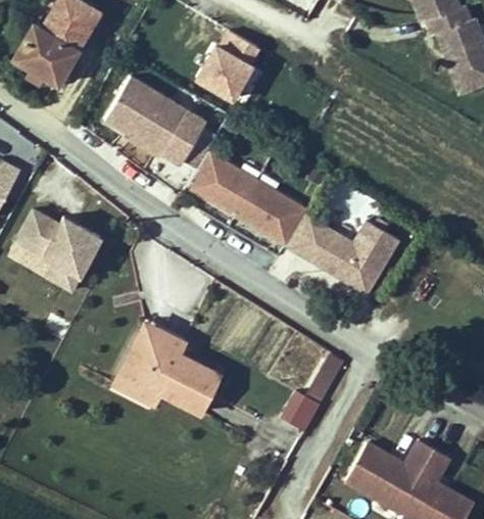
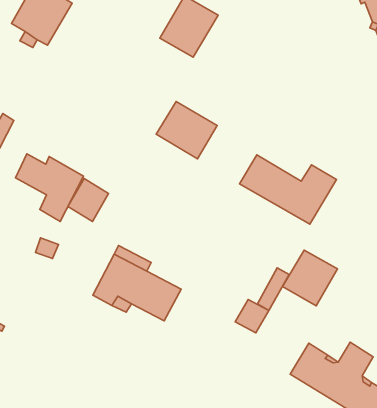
building: [105,77,206,164] -> none
building: [237,181,309,250] -> none
building: none -> [68,178,109,221]
building: none -> [283,250,337,306]

